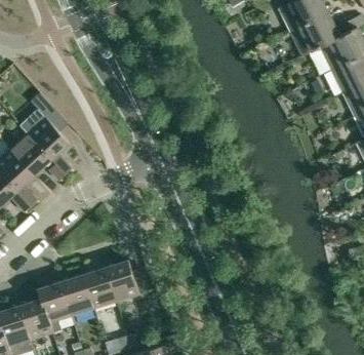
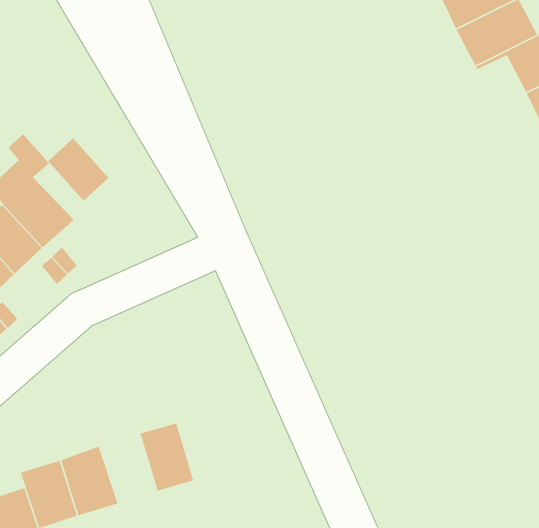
building: none -> [48,138,109,201]
building: [84,267,118,308] -> none

